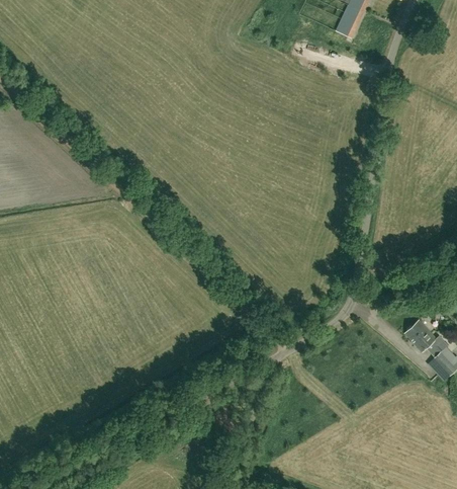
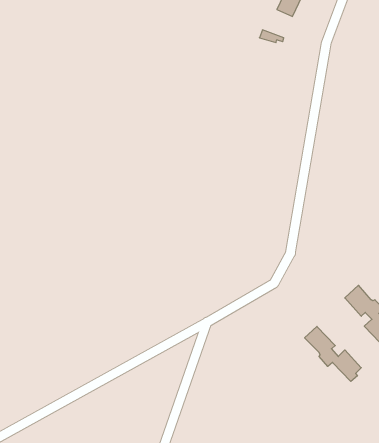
building: none -> [305,326,361,381]

